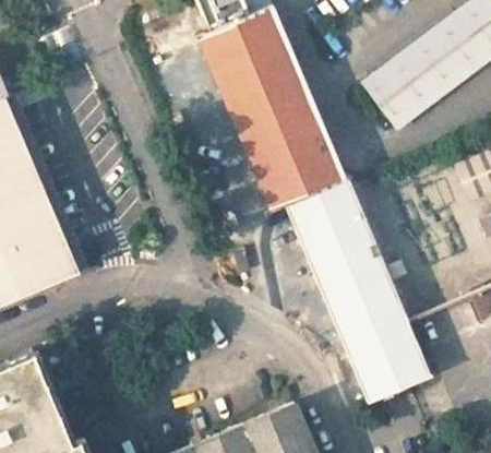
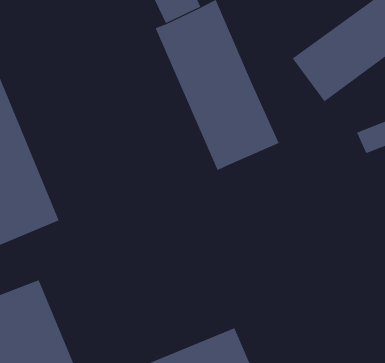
building: [284,179,432,405] -> none

